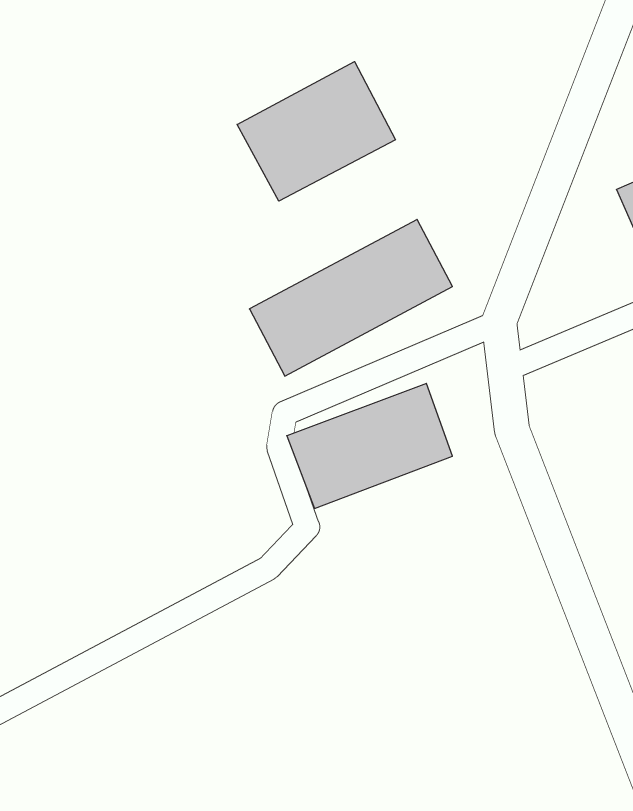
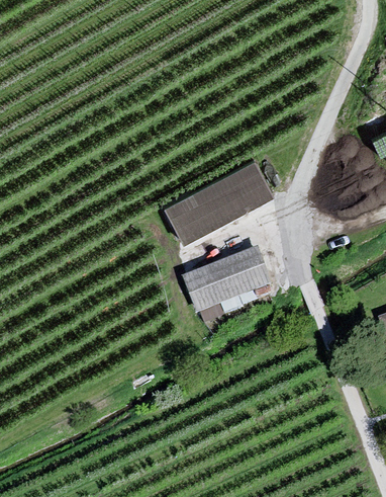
building: [237,62,395,201] -> none

